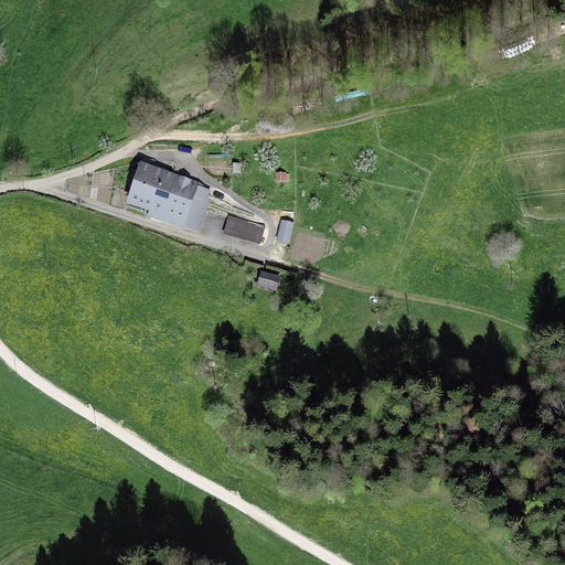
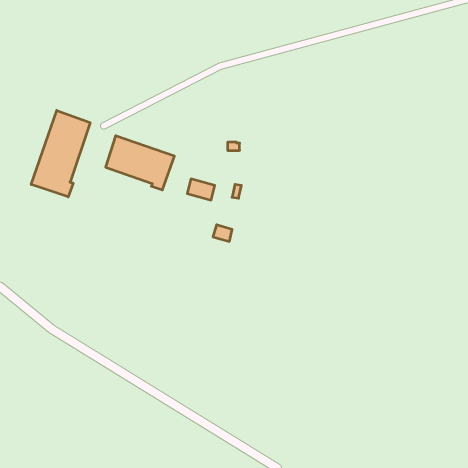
building: none -> [31,110,90,197]

